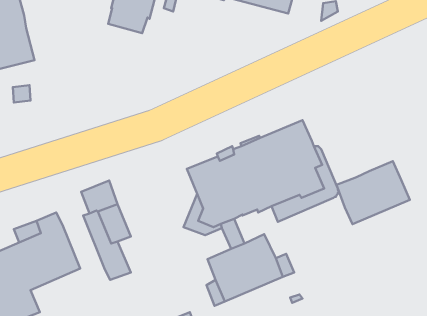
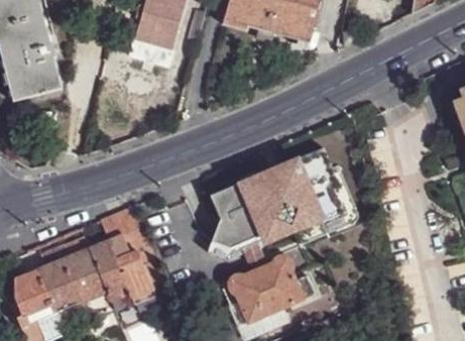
building: [336,161,410,224] -> none
building: none -> [89,239,130,300]

